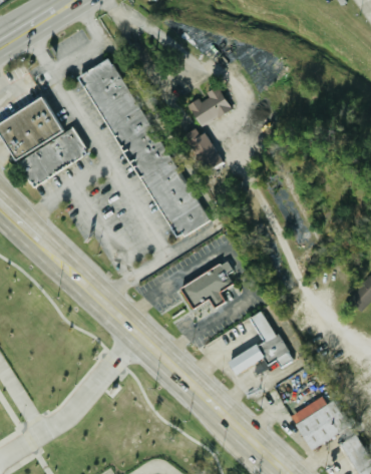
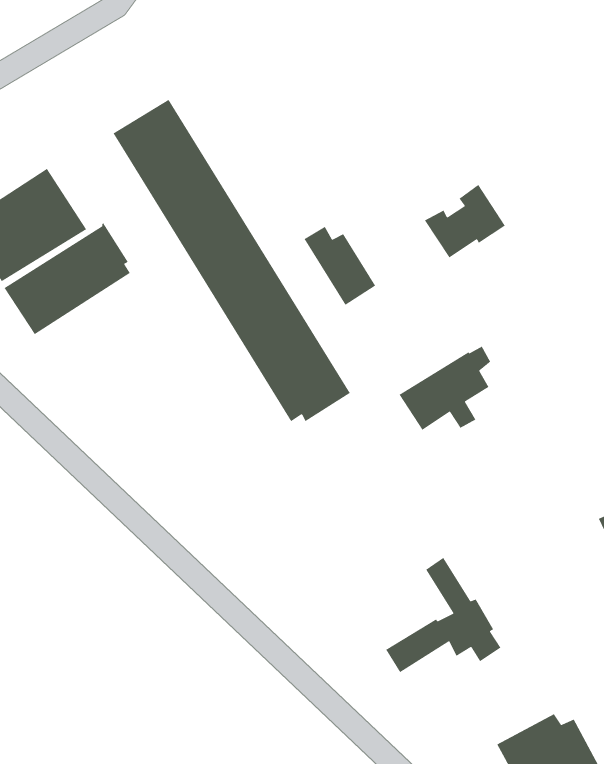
building: [188,84,233,125] -> [424,184,506,258]
building: [181,260,233,307] -> [398,345,491,431]

